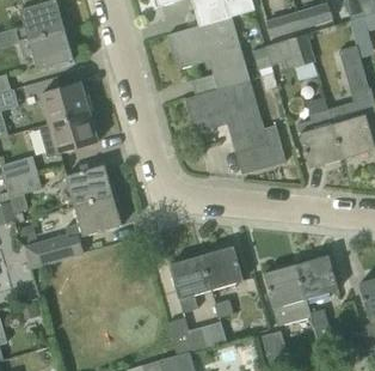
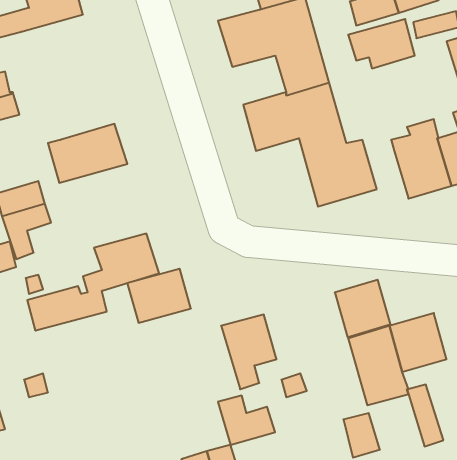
building: [18,30,73,71] -> none
building: [39,81,88,124] -> none
building: [64,165,112,206] -> [127,269,191,323]
building: [201,247,242,290] -> [335,280,390,337]

